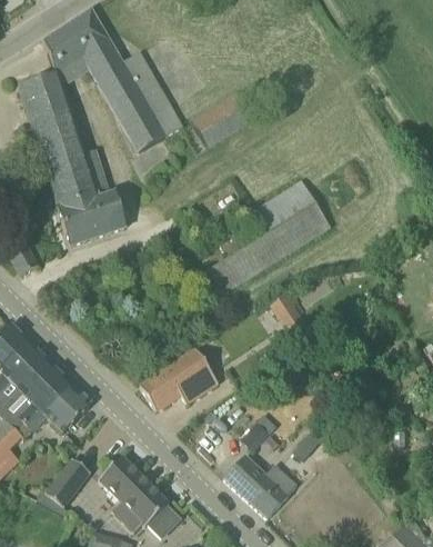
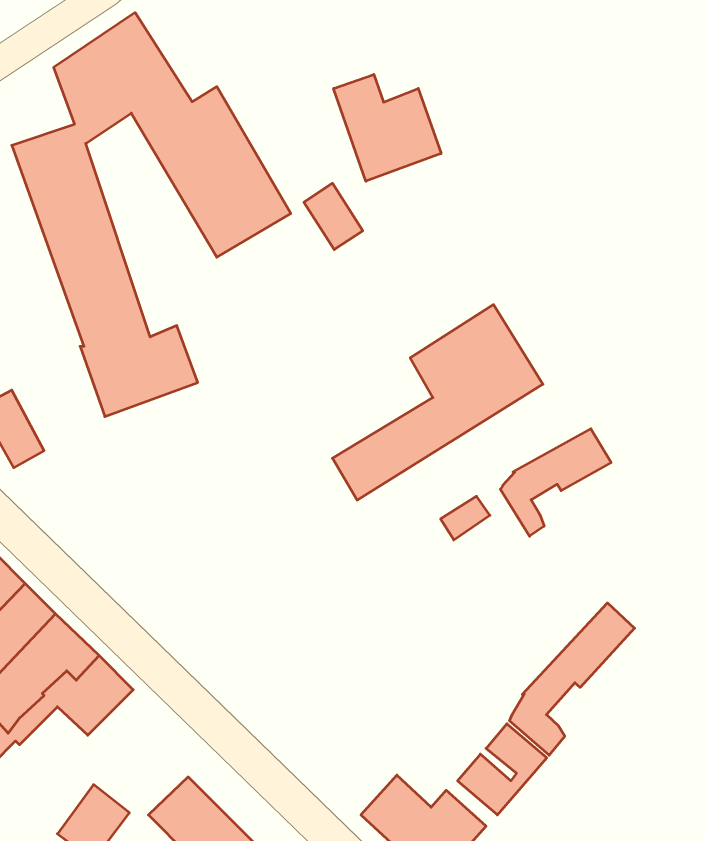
building: none -> [334,74,441,181]
building: none -> [500,429,611,536]
building: [140,350,216,410] -> none
building: none -> [510,603,635,755]
building: [236,417,272,452] -> none

